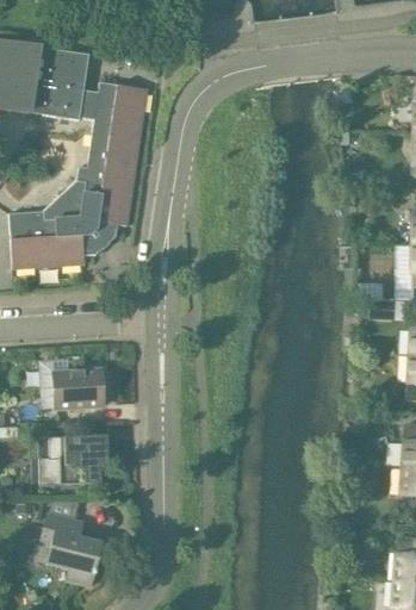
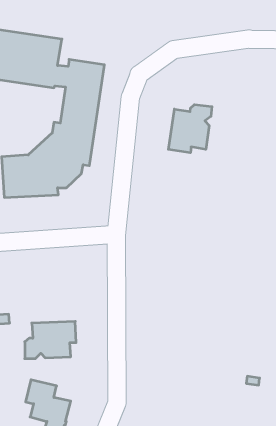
building: none -> [168,105,212,153]
building: [51,371,99,407] -> none

